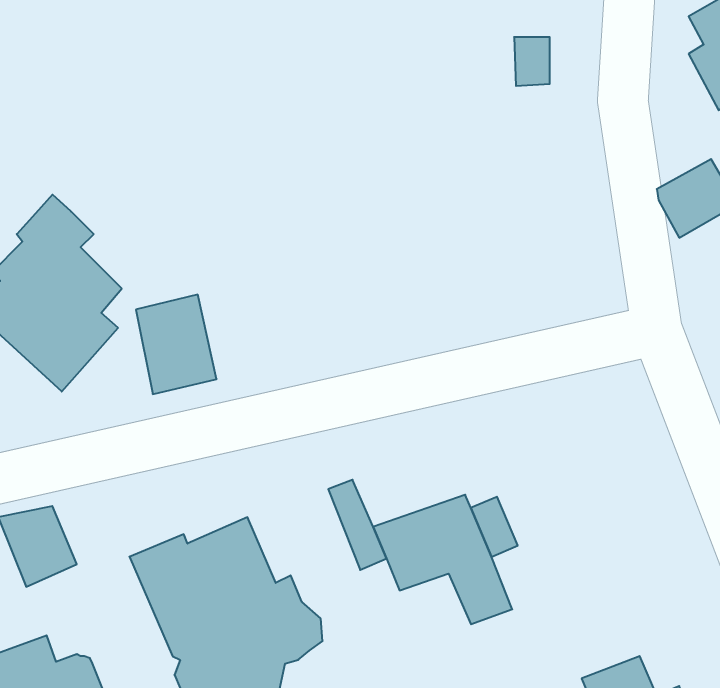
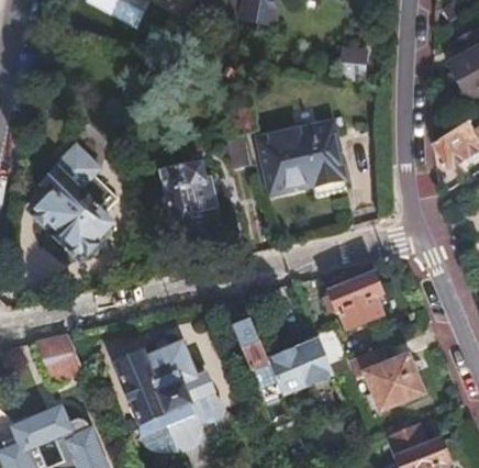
building: none -> [261,121,350,196]
building: [136,295,217,394] -> [165,169,212,227]
building: none -> [326,272,378,327]
building: none -> [355,358,417,406]

